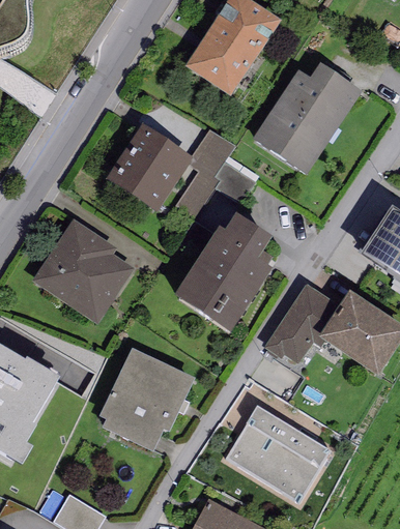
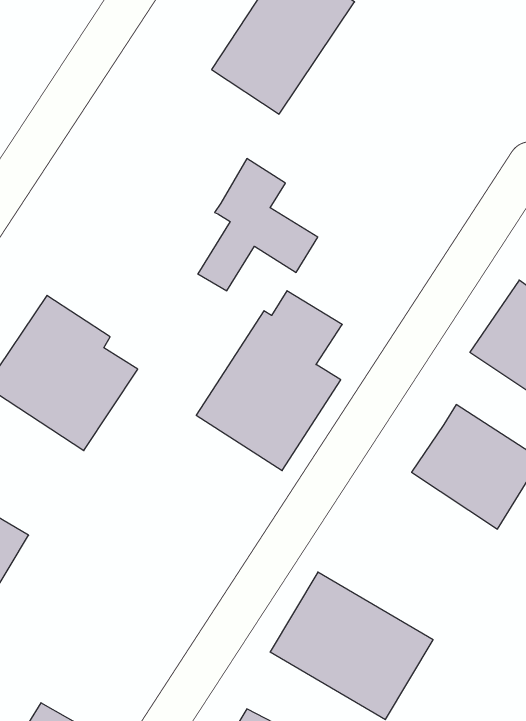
building: [252,61,361,172] -> none
building: [106,122,191,211] -> none
building: [264,282,341,360] -> none
building: [98,347,194,450] -> none

